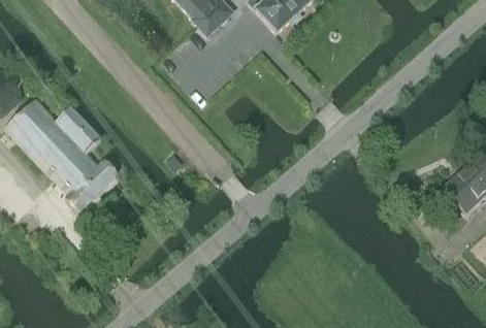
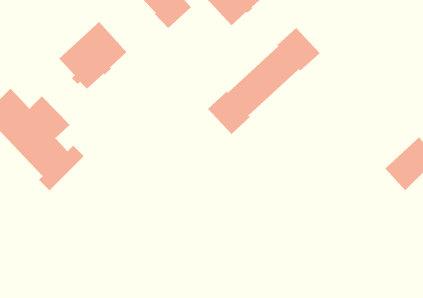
building: none -> [59,21,127,90]
building: none -> [207,27,320,135]

